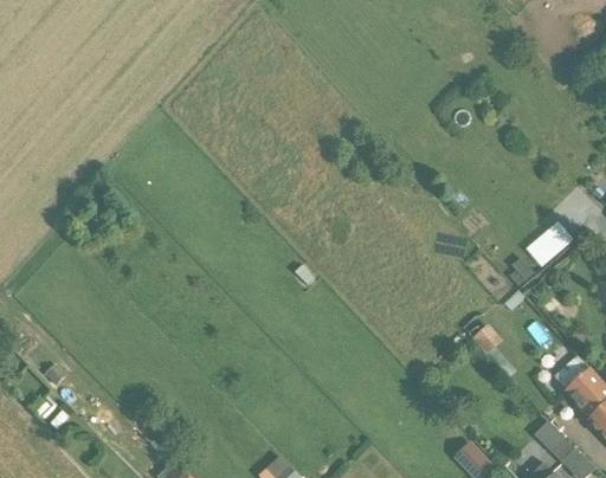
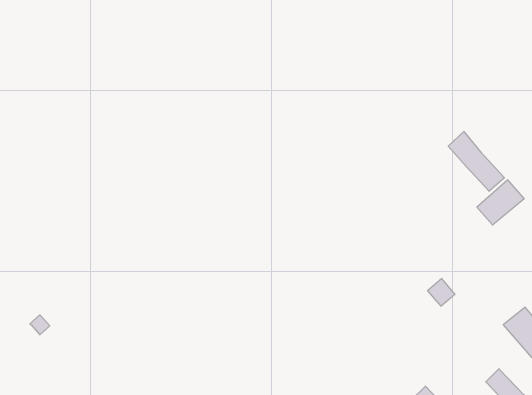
building: none -> [448,132,504,191]

